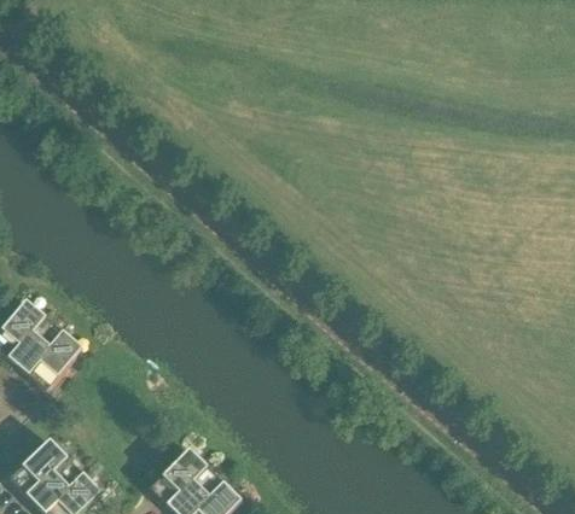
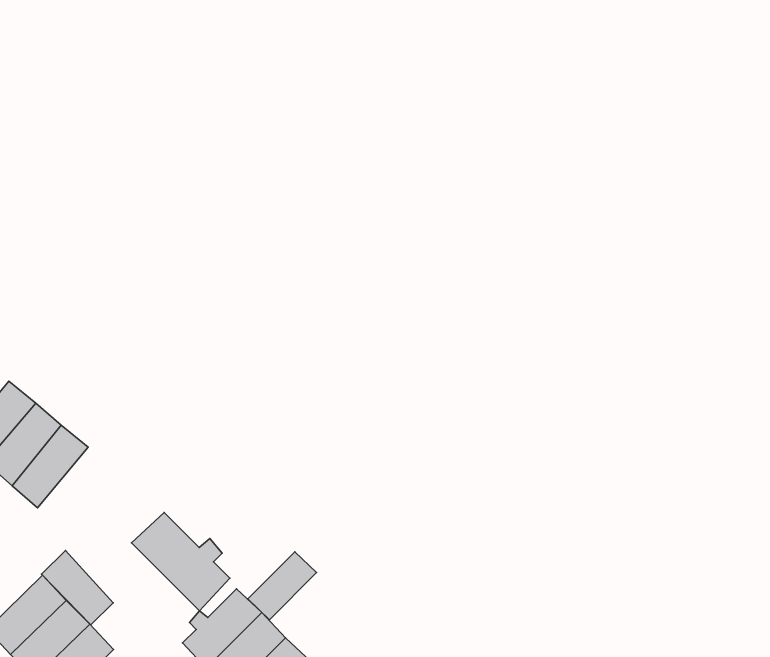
building: none -> [132,512,230,611]
building: none -> [42,551,113,625]
building: none -> [248,552,317,620]

